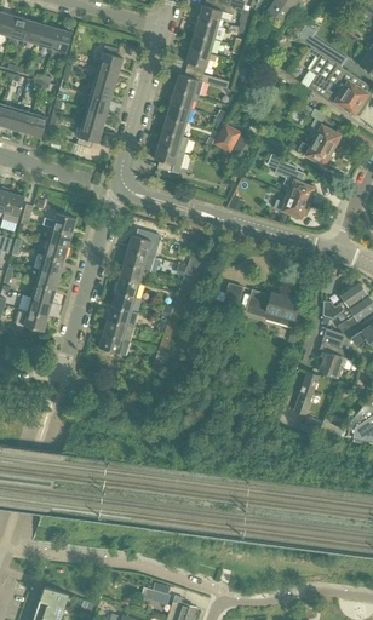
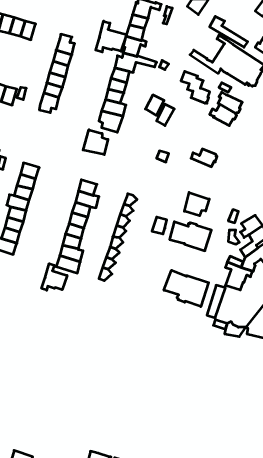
building: none -> [96,21,126,52]
building: [275,161,312,202] -> [181,71,210,103]
building: none -> [83,130,108,155]
building: none -> [184,192,209,216]
building: none -> [42,264,67,290]
building: none -> [164,270,209,307]

